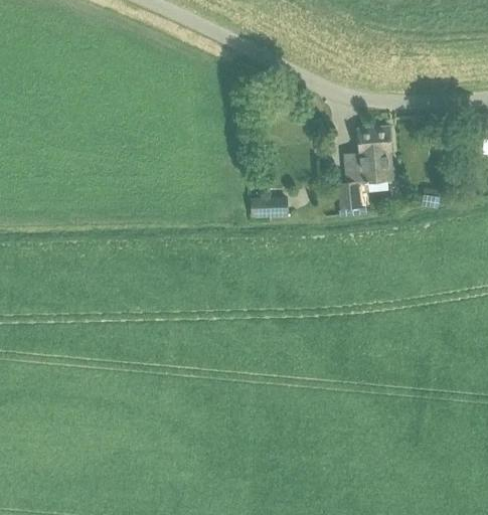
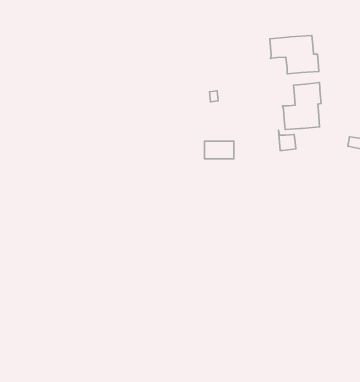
building: none -> [270,35,319,74]

